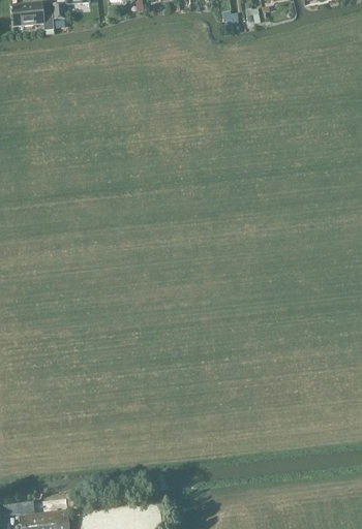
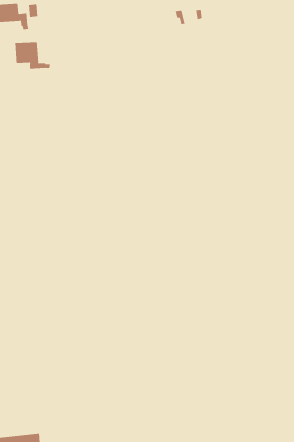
building: none -> [15,41,50,69]

